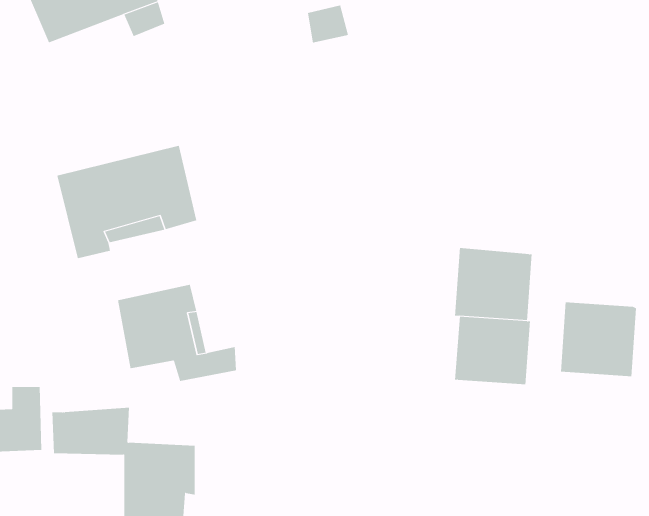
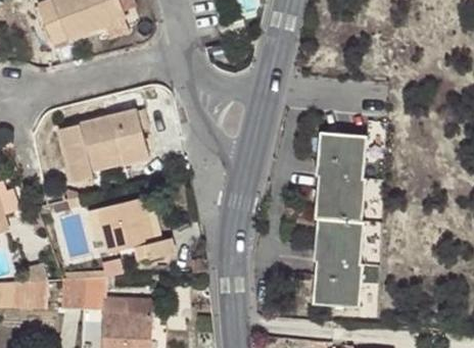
building: none -> [315,132,365,179]
building: [560,302,637,377] -> [313,259,362,307]

